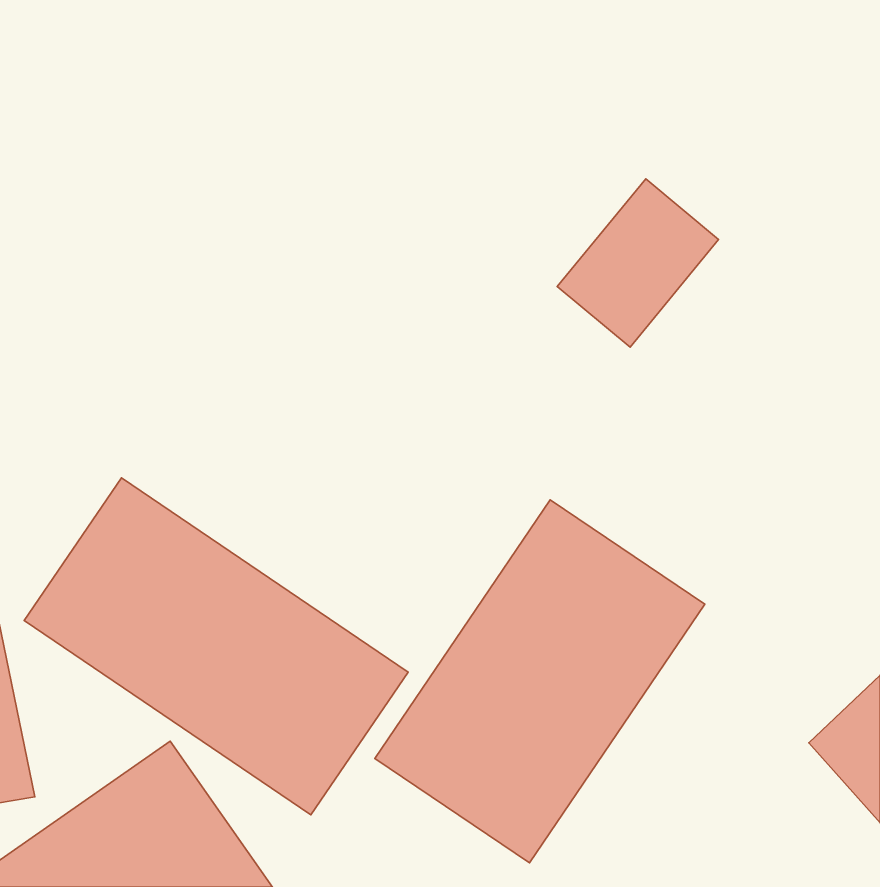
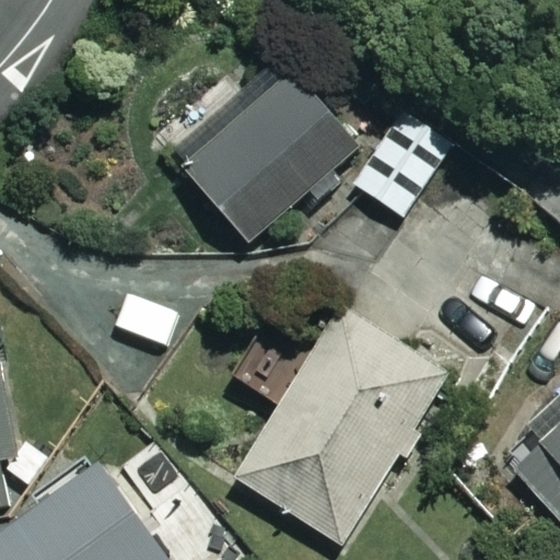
building: none -> [173,59,359,242]
building: [24,478,408,815] -> none

